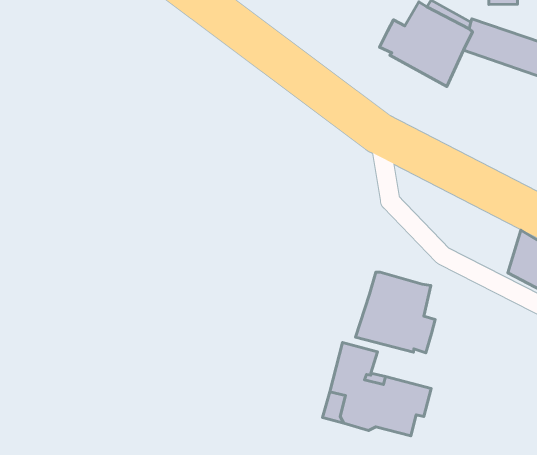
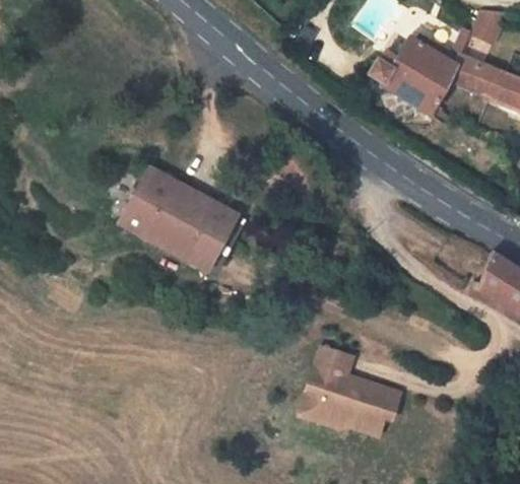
building: none -> [119,165,240,272]
building: [356,272,435,353] -> none

